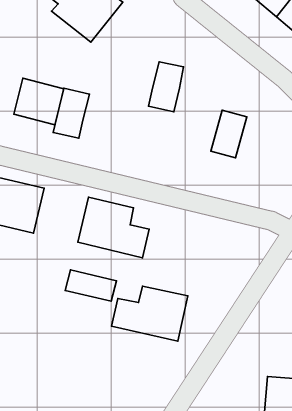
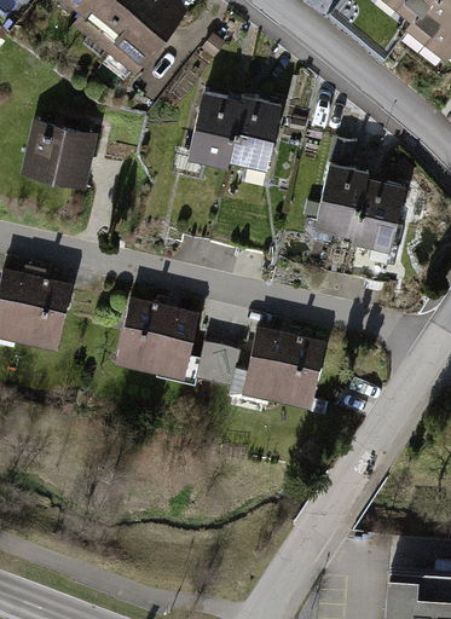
building: [53,88,89,138] -> [184,91,237,164]
building: none -> [349,180,403,250]
building: [65,270,116,301] -> none
building: [111,286,188,341] -> [214,328,326,409]

